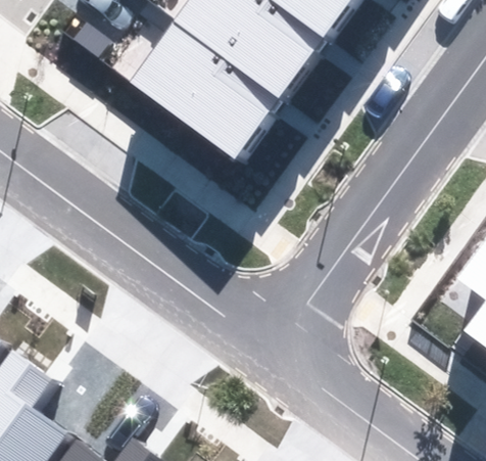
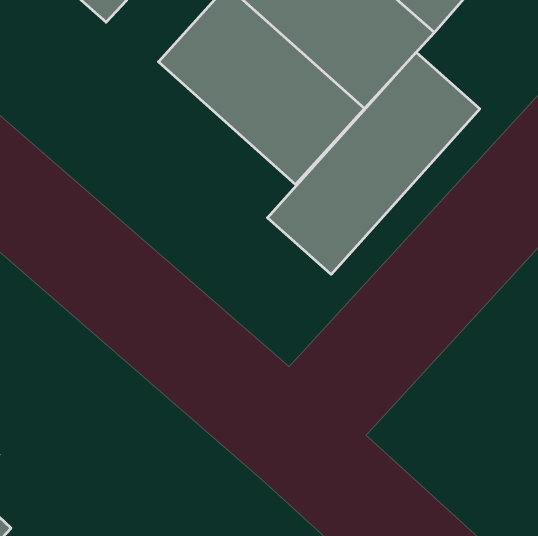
building: none -> [267,52,480,274]

